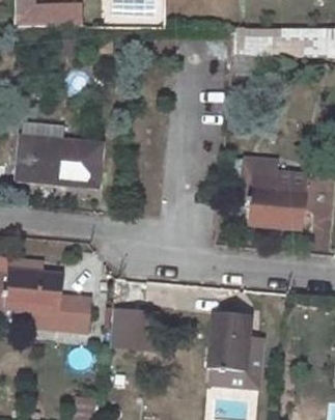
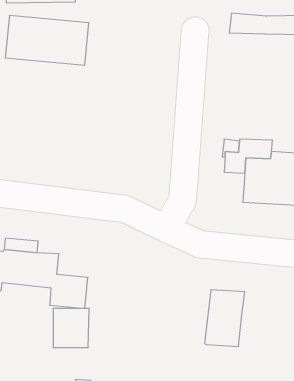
building: [18,137,102,187] -> [5,16,89,65]
building: [109,307,145,346] -> [53,308,89,348]
building: [210,337,262,386] -> none

